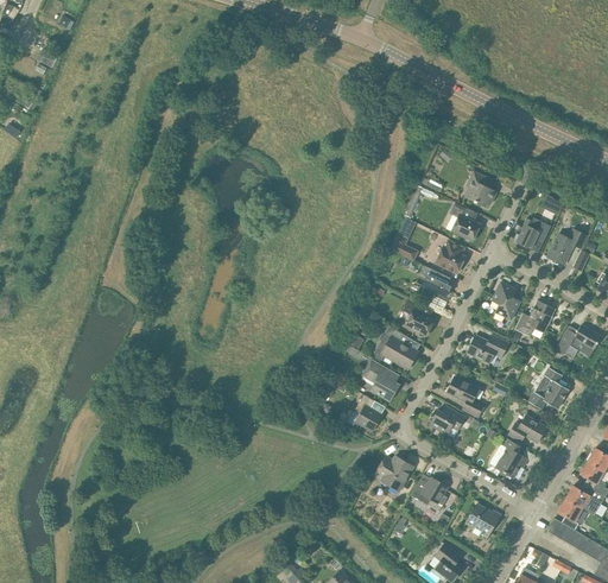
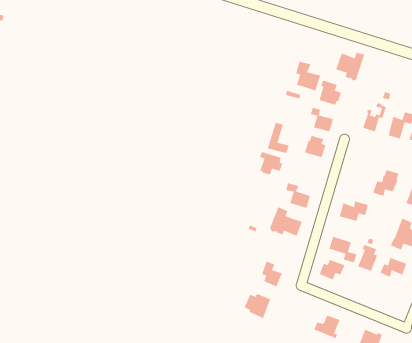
building: none -> [335,52,365,81]
building: none -> [295,61,321,91]
building: [418,266,451,299] -> [259,151,283,175]
building: [492,281,520,321] -> none
building: [361,360,399,401] -> none
building: [495,439,525,477] -> [357,244,378,272]
building: [375,456,413,492] -> [243,293,271,319]

